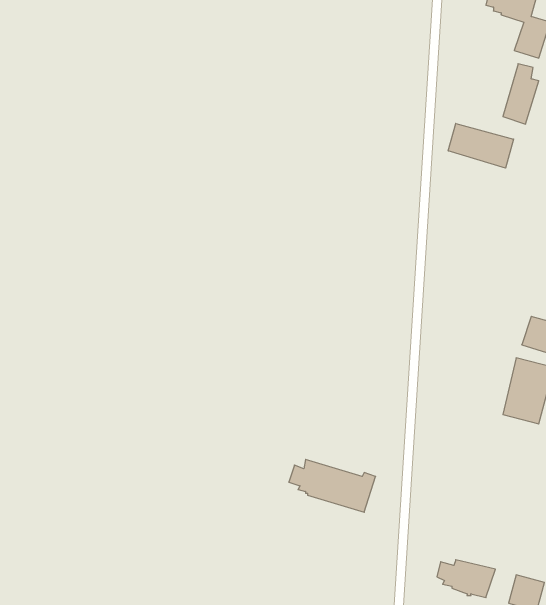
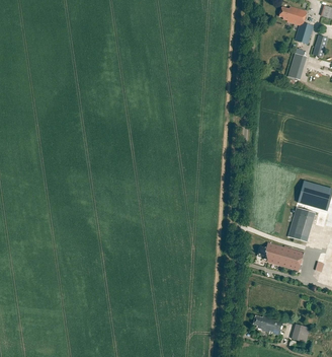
building: [448,123,514,168] -> none
building: [289,459,376,512] -> [258,241,305,270]

